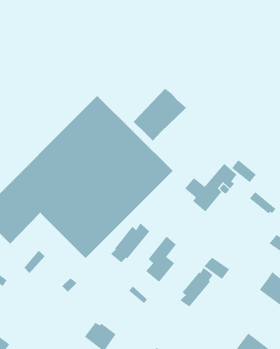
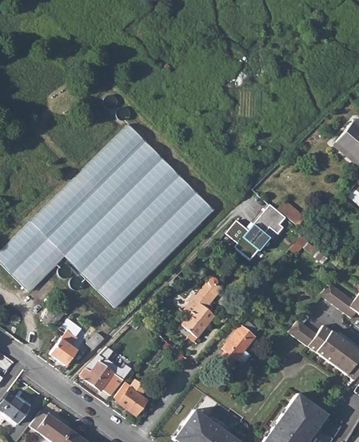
building: [133,88,187,142] -> none
building: [110,222,150,263] -> none
building: [203,257,230,280] -> [289,319,319,345]
building: none -> [51,328,78,364]
building: none -> [81,353,123,390]

